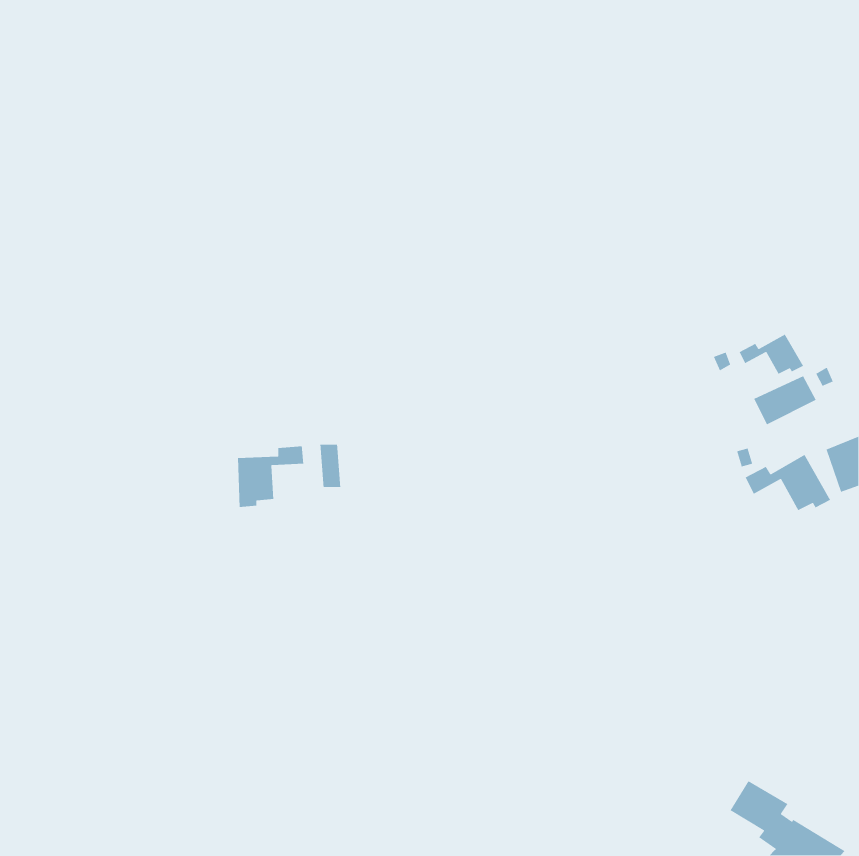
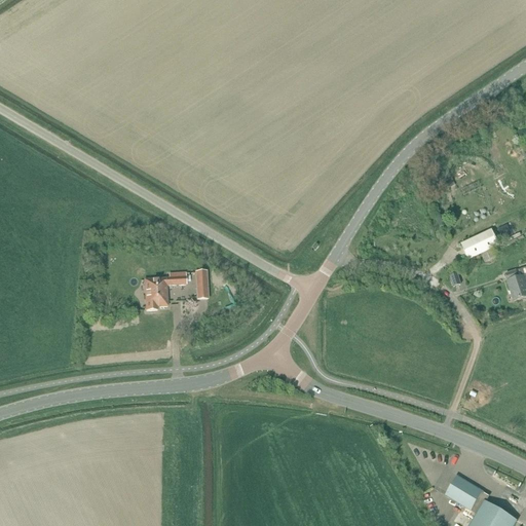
building: [739,333,804,375] -> none
building: [745,454,831,511] -> none

